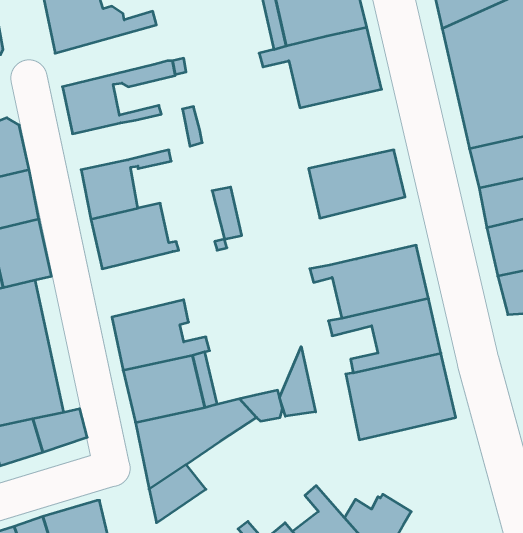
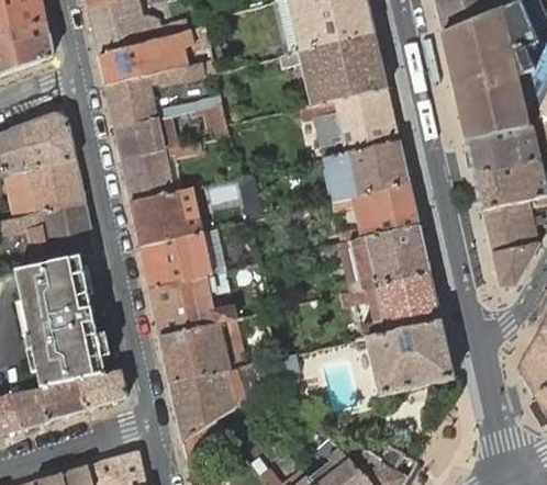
building: none -> [98,26,208,86]
building: none -> [299,88,399,158]
building: none -> [113,115,176,159]
building: none -> [332,183,418,238]
building: none -> [139,232,212,290]
building: [280,347,316,416] -> none

